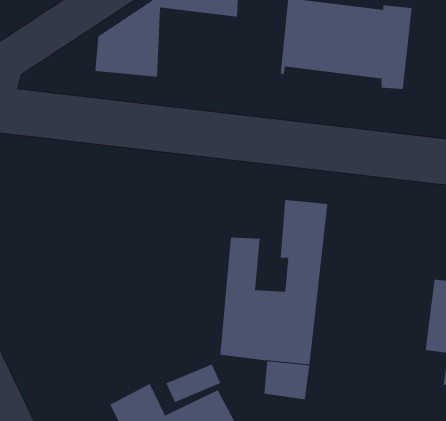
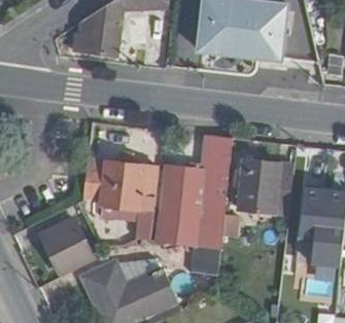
building: none -> [82,153,160,211]
building: none -> [238,162,292,201]
building: none -> [40,226,94,277]

